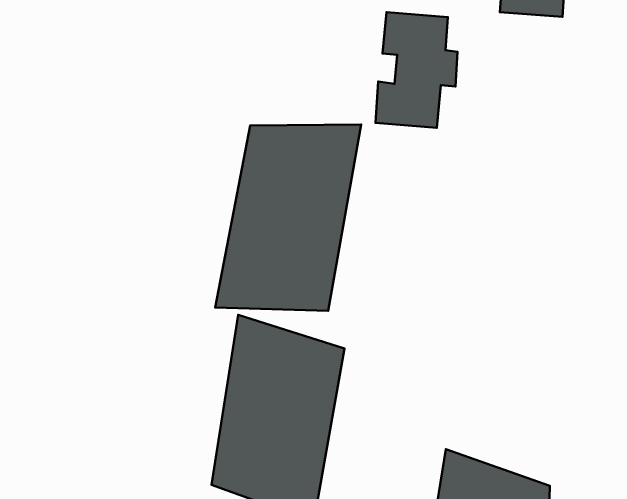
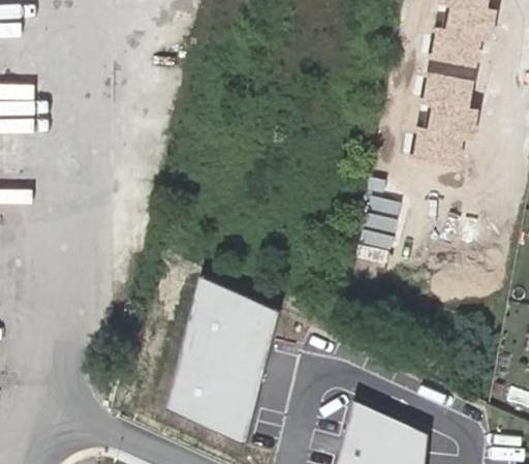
building: [375,12,458,128] -> [407,73,476,167]
building: [215,125,361,311] -> none

